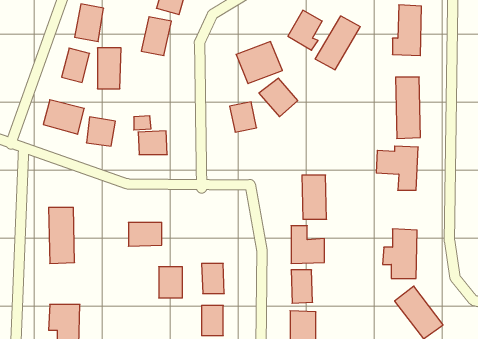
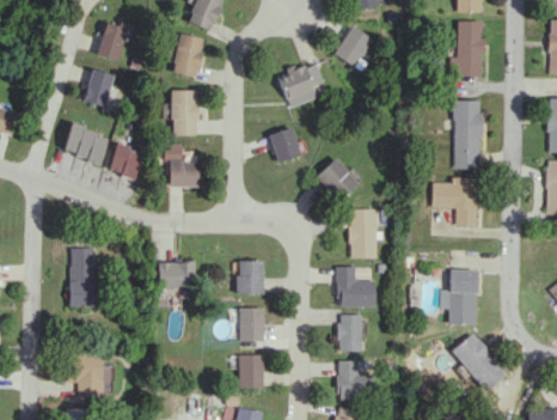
building: [315,16,360,70] -> none
building: [97,48,121,89] -> [172,90,198,135]
building: [259,78,298,117] -> [316,158,359,201]
building: [159,267,182,298] -> [237,260,263,294]

